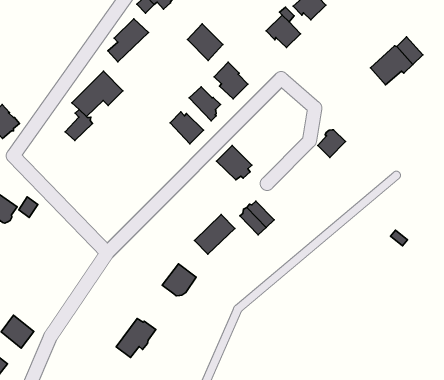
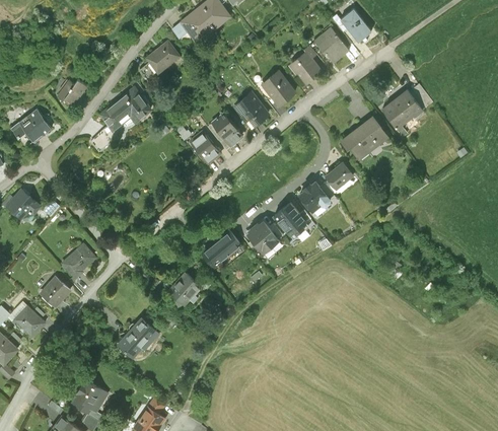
building: [187,24,223,60] -> [262,70,294,104]
building: none -> [58,78,86,102]
building: none -> [341,118,387,159]
building: [216,145,252,180] -> [273,204,305,236]
building: none -> [299,184,329,212]
building: none -> [62,243,94,277]
building: none -> [40,277,68,306]

